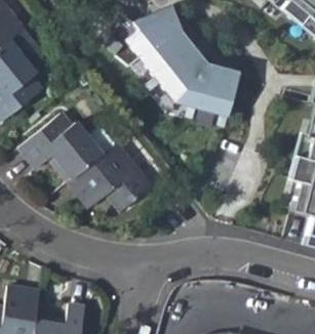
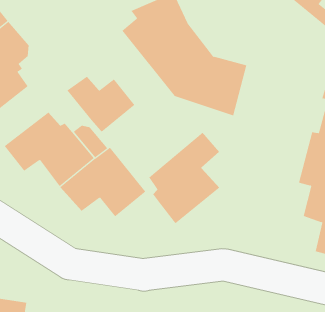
building: none -> [66,76,135,132]
building: none -> [148,132,220,224]

